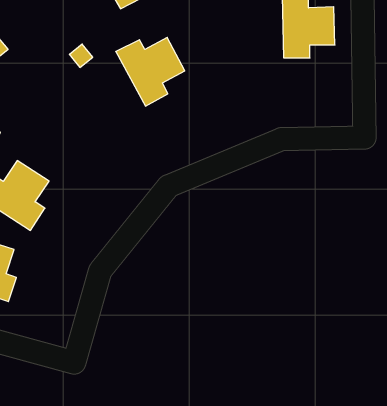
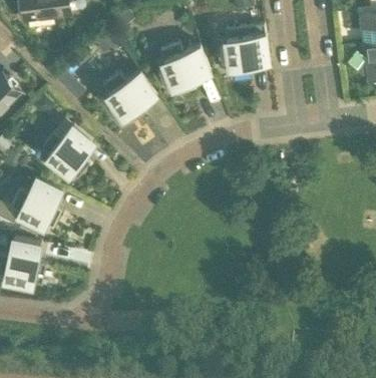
building: none -> [159,43,211,94]
building: none -> [40,123,94,177]

